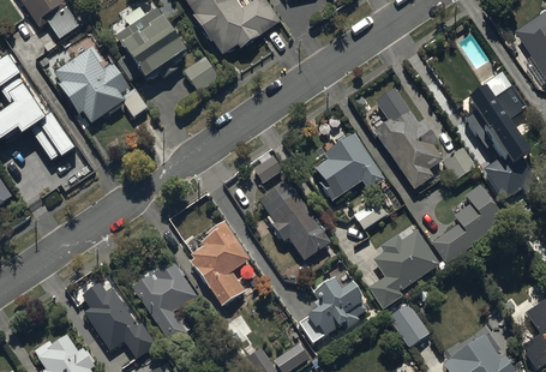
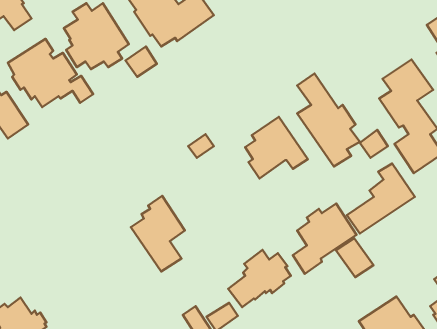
building: [260,182,331,262] -> none
building: [132,262,197,346] -> none
building: [82,284,155,359] -> none
building: [386,301,428,344] -> [336,238,374,277]

